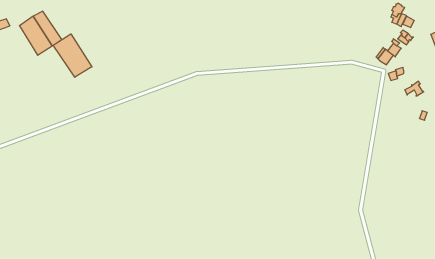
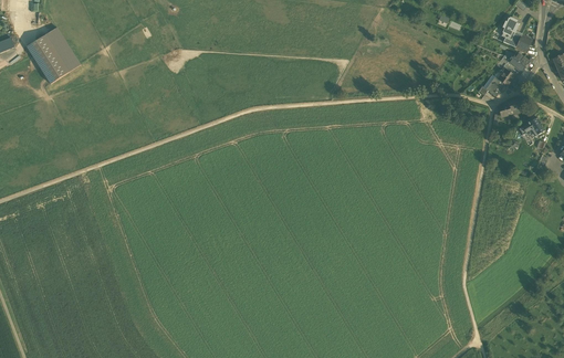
building: [53,34,92,77] -> none

